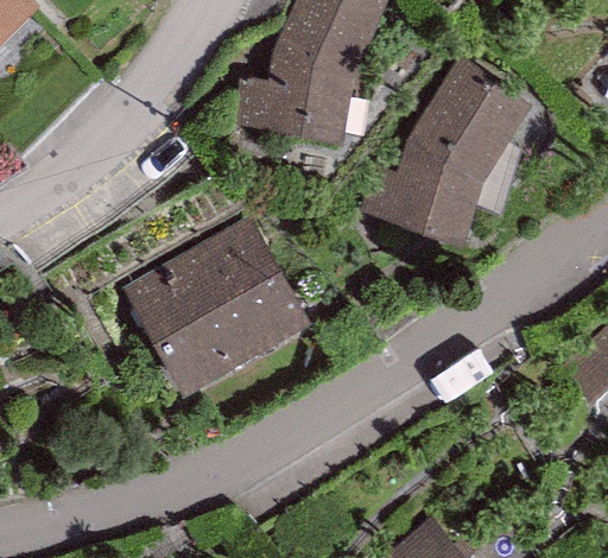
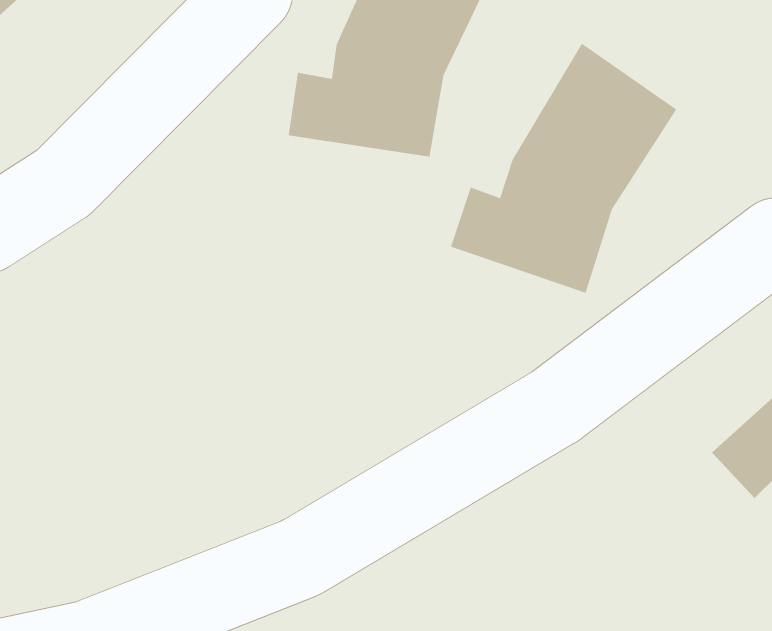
building: [122,217,312,398] -> none

